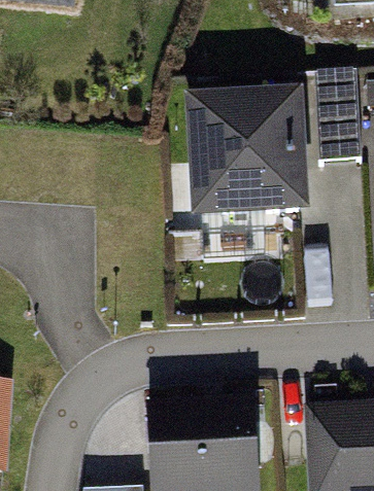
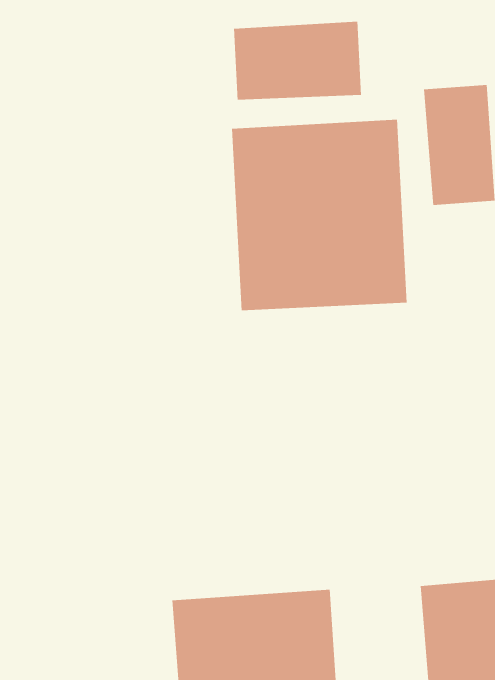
building: none -> [234,21,362,101]

